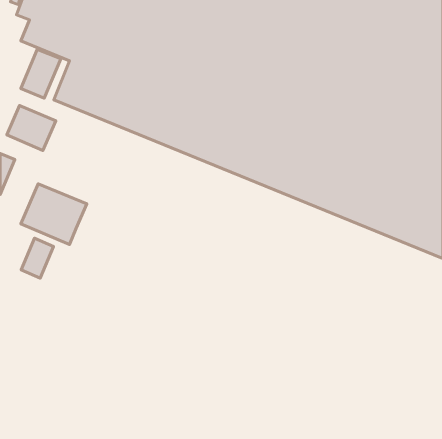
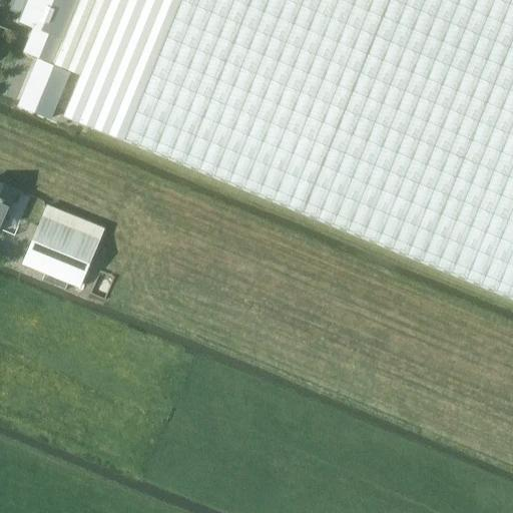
building: [7,105,56,150] -> none
building: [21,238,54,278] -> none

